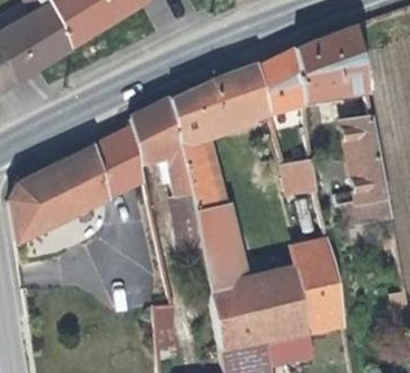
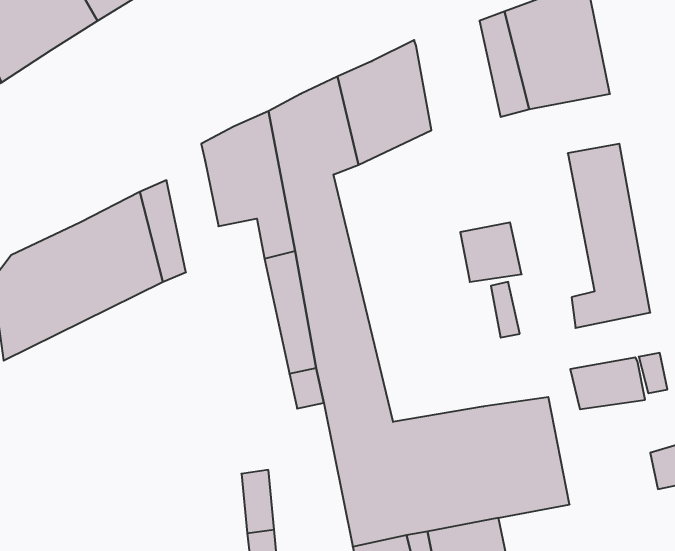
building: [257,46,306,109] -> none
building: [113,127,146,192] -> none
building: [291,239,334,269] -> [570,357,645,409]

